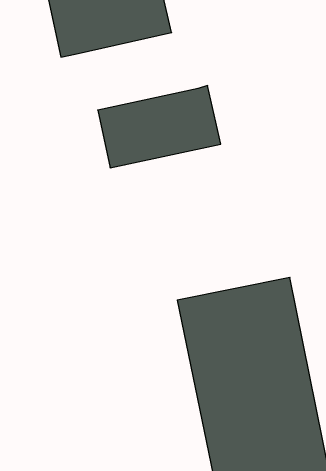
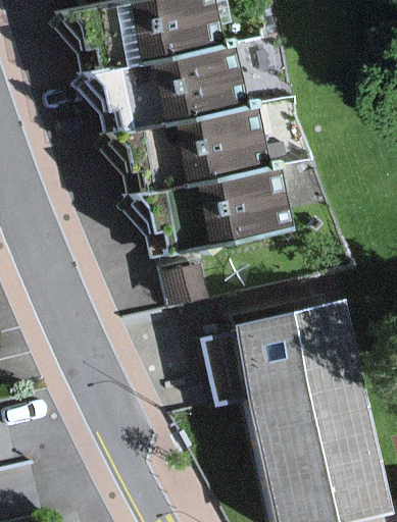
building: none -> [116,41,249,129]
building: none -> [169,161,302,249]

